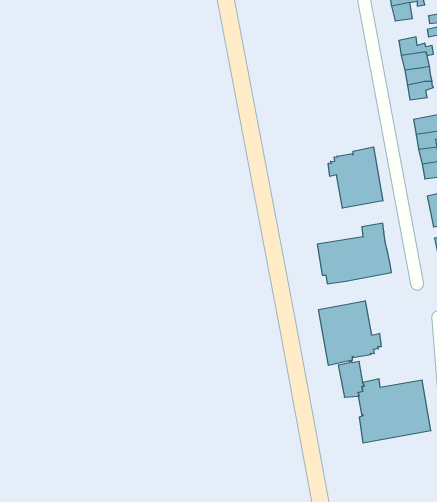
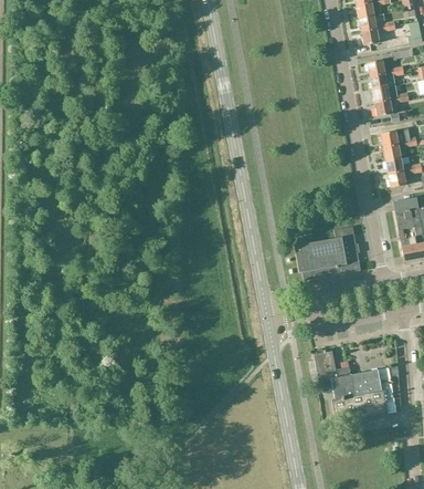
building: [328,147,383,208] -> none
building: [319,301,381,365] -> none

